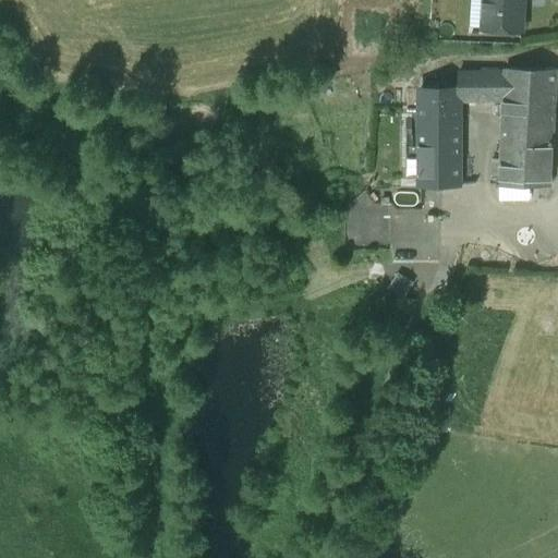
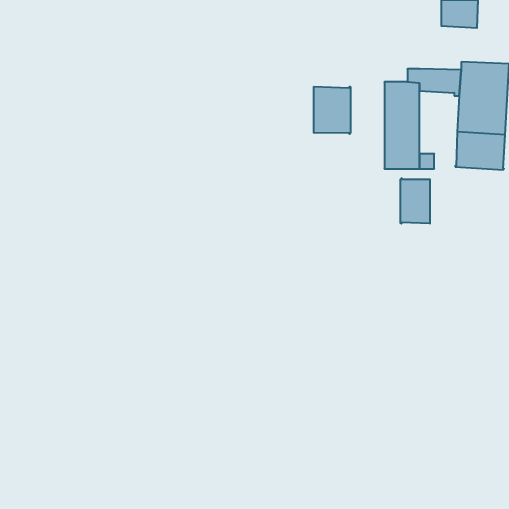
building: none -> [314,87,350,134]
building: none -> [401,178,430,224]

